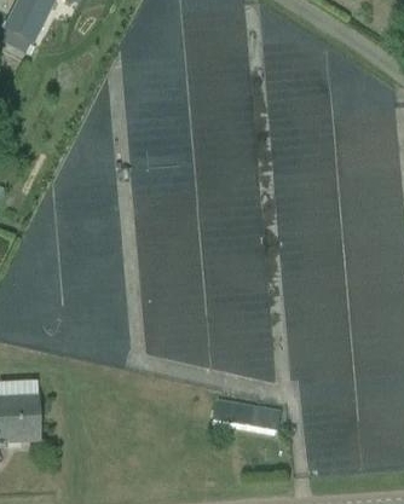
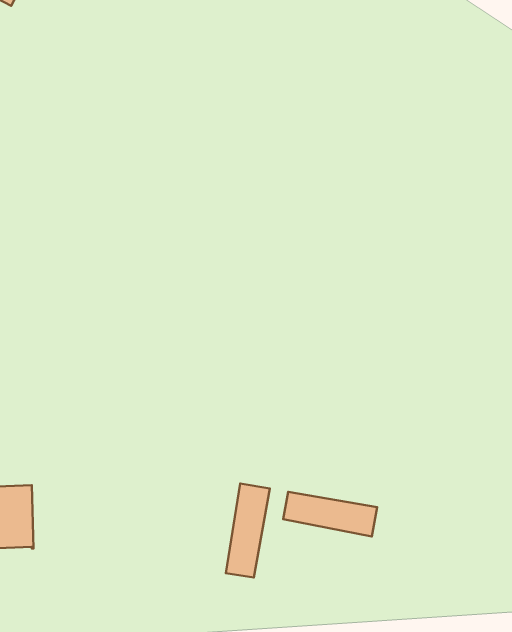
building: none -> [226,483,270,578]

